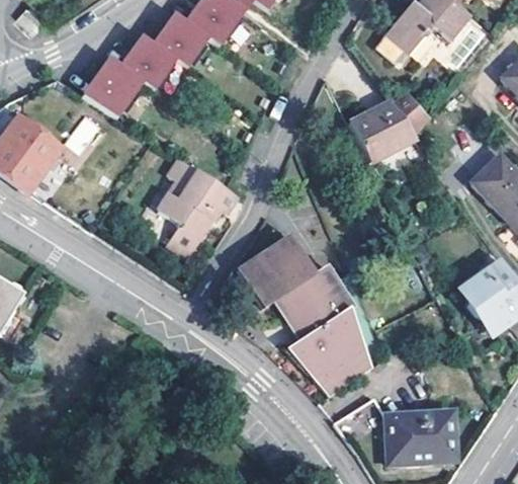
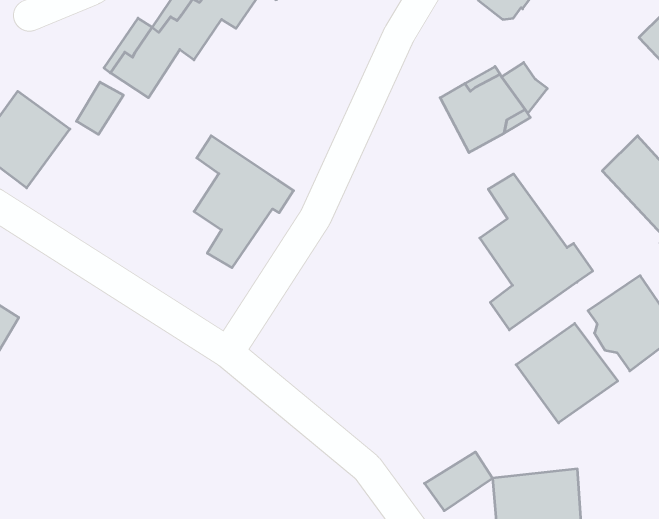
building: none -> [480,174,593,330]
building: [236,234,373,393] -> none
building: none -> [516,323,618,423]

